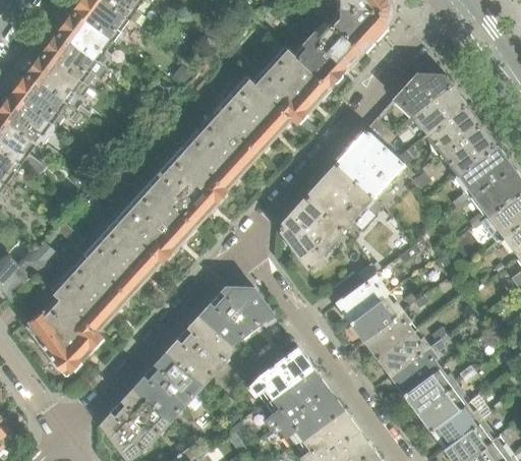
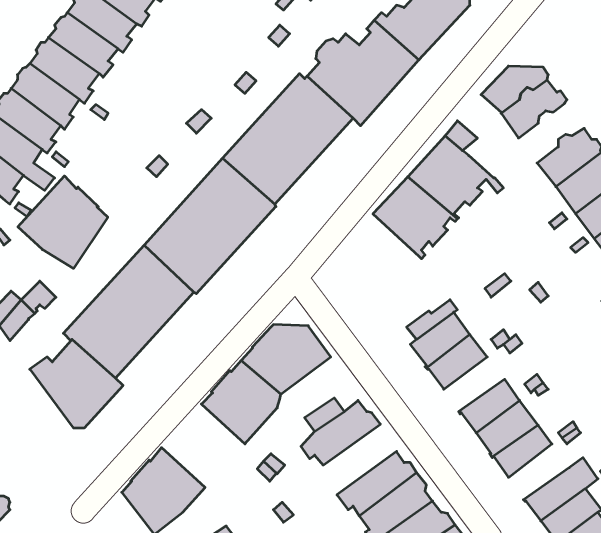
building: [425,105,479,154] -> none
building: none -> [18,176,108,268]
building: [279,195,344,269] -> none
building: [364,312,414,357] -> none
building: [133,351,211,419] -> none
building: [266,367,326,425] -> none
building: [417,384,467,429] -> none

